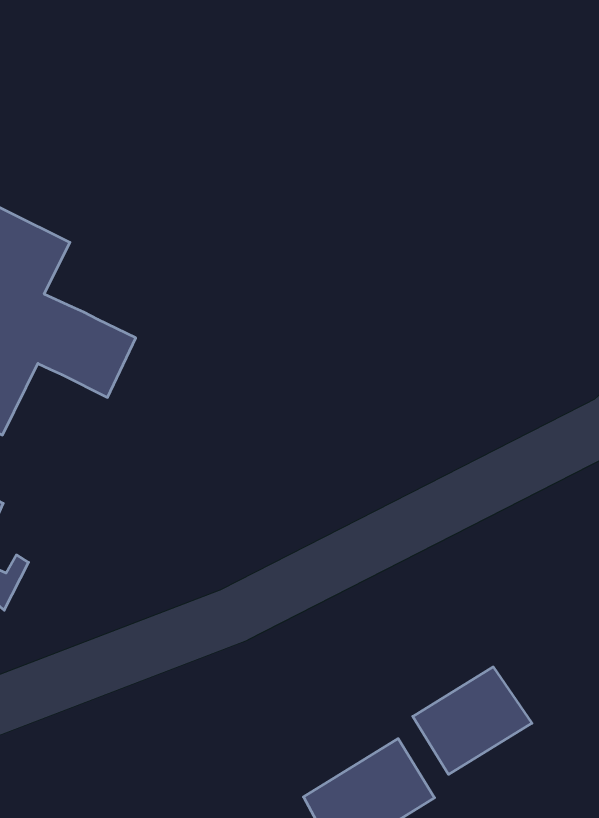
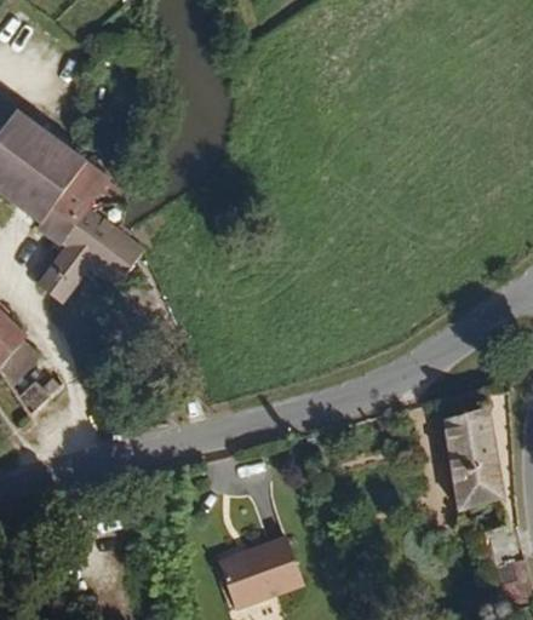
building: [413,667,532,774] -> none

